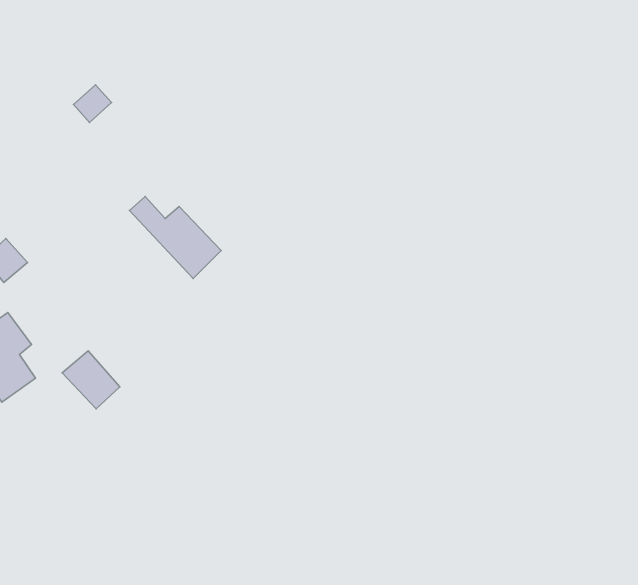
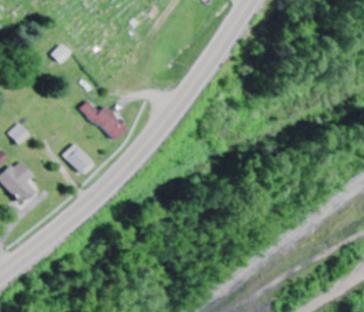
building: [62,351,120,409] -> [62,143,92,173]

